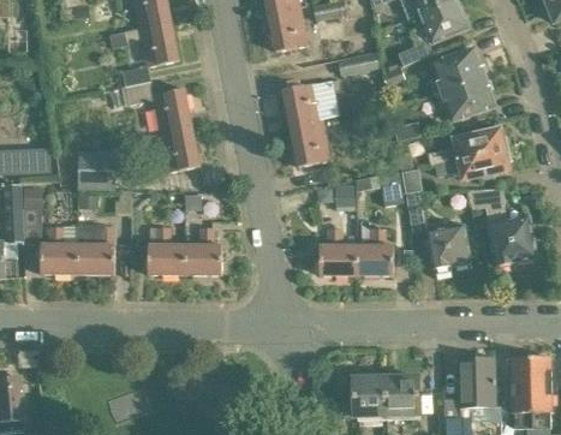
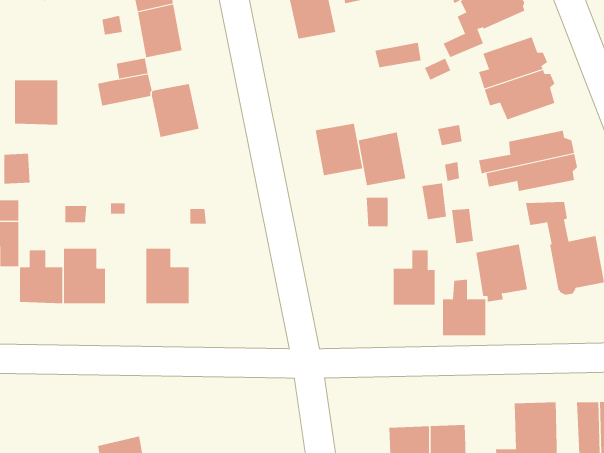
building: [284,82,324,127] -> [358,132,406,186]
building: [160,126,201,172] -> none
building: [77,150,114,189] -> [14,80,58,125]
building: [185,227,222,274] -> none
building: [320,227,357,275] -> [442,279,486,336]

